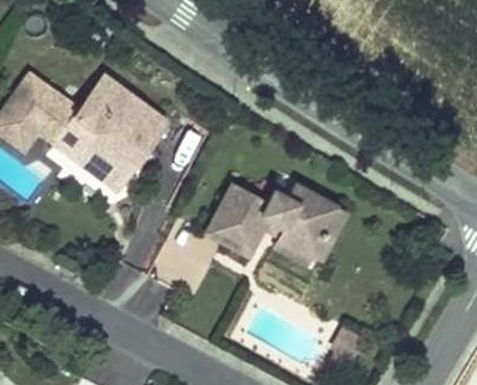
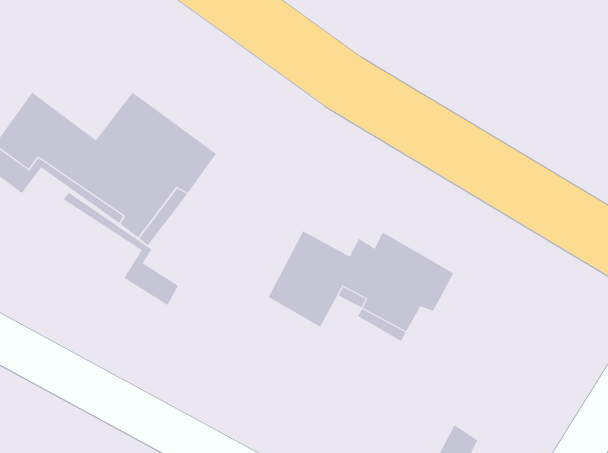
building: none -> [63,192,179,306]

